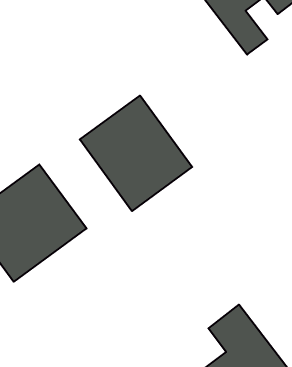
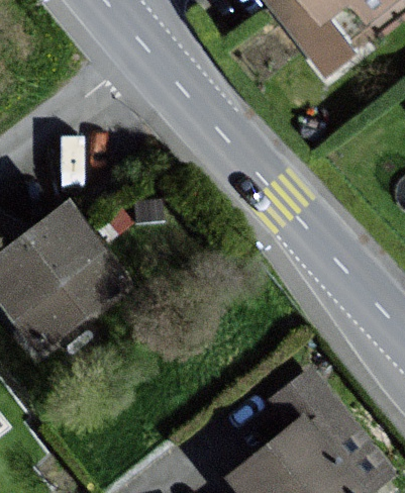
building: [80,96,192,211] -> none

